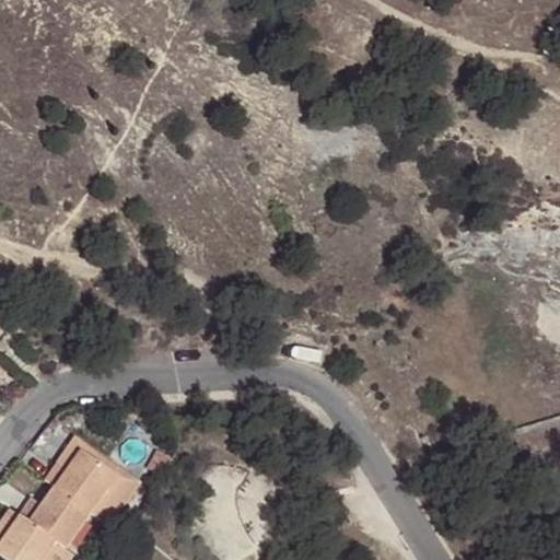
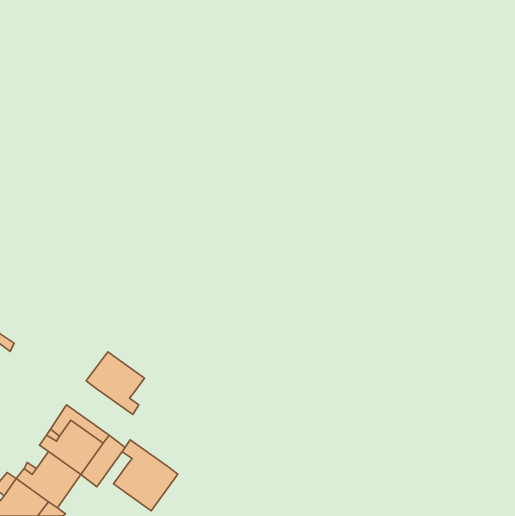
building: none -> [86,352,144,415]
building: none -> [113,440,178,511]

